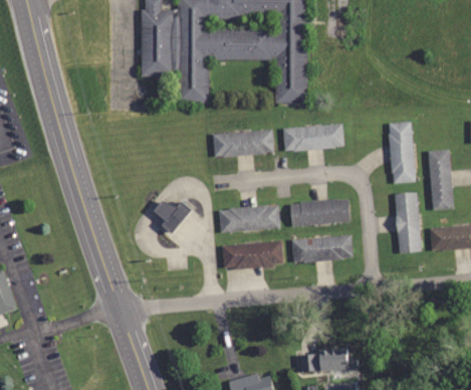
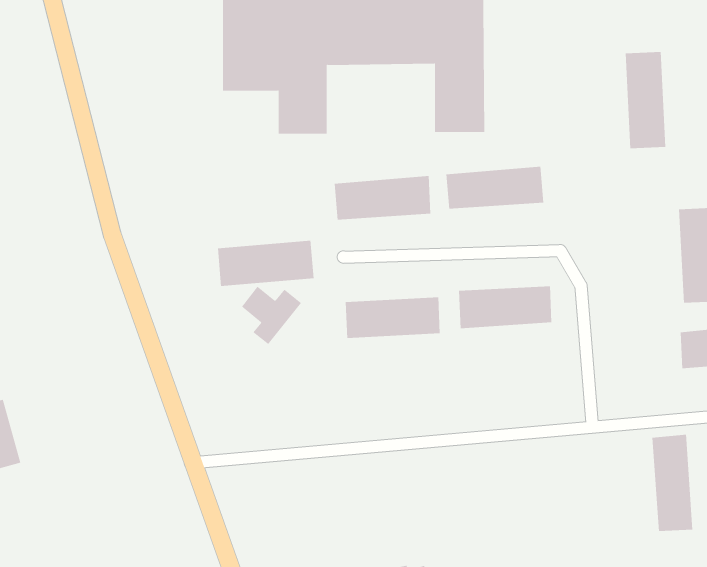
building: [389,121,415,182] -> [625,52,666,149]
building: [395,191,421,252] -> [652,434,693,532]
building: [292,235,352,261] -> none
building: [222,240,283,269] -> [217,240,314,287]
building: [299,348,347,371] -> none

